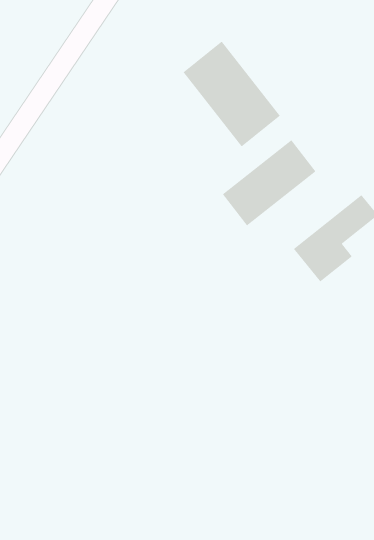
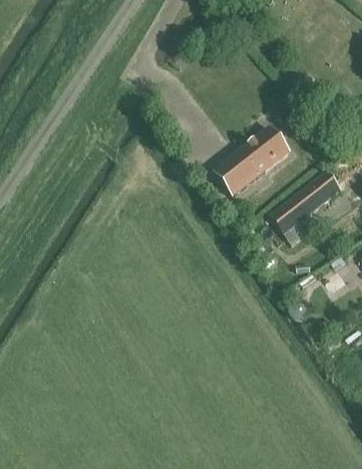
building: [182,41,281,147] -> none

